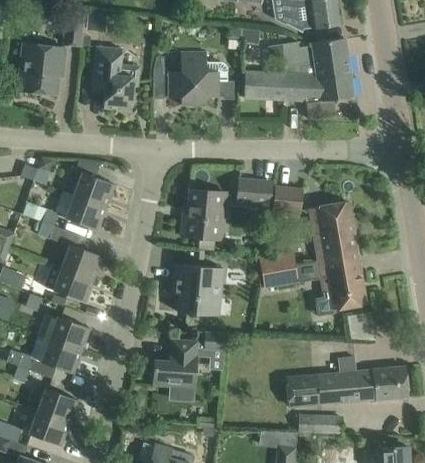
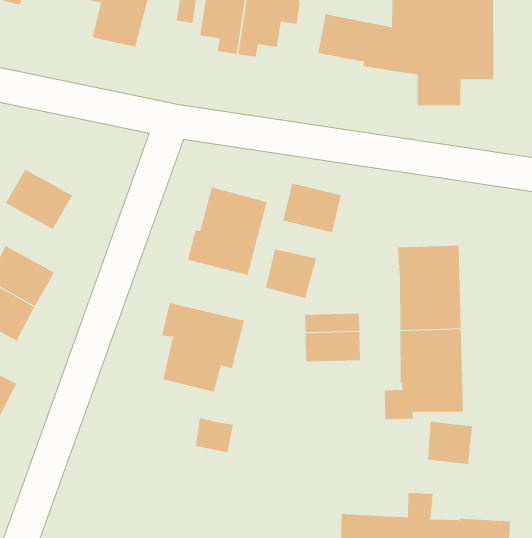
building: [74,172,114,207] -> none
building: [273,186,302,214] -> [265,249,317,299]
building: [152,340,198,401] -> none

